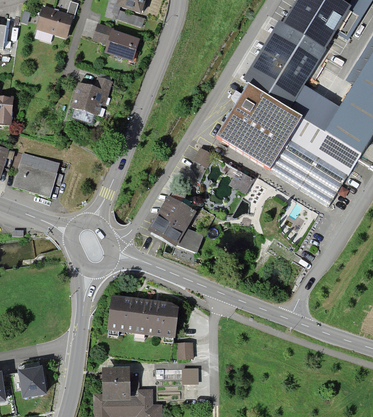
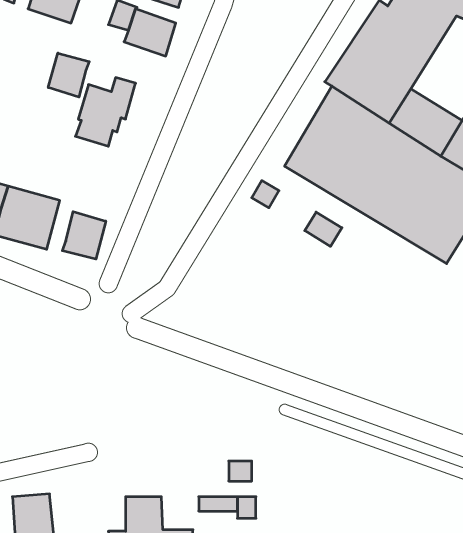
building: none -> [48,53,89,97]
building: none -> [62,212,106,259]
building: [152,198,201,251] -> none
building: [108,296,179,336] -> none

